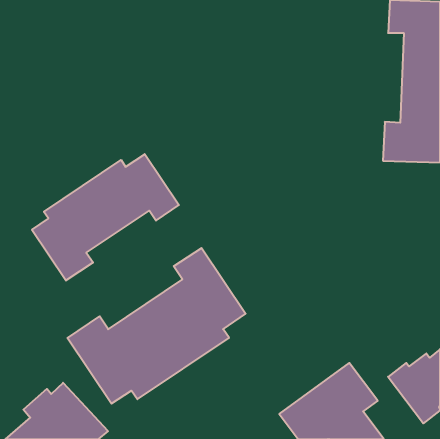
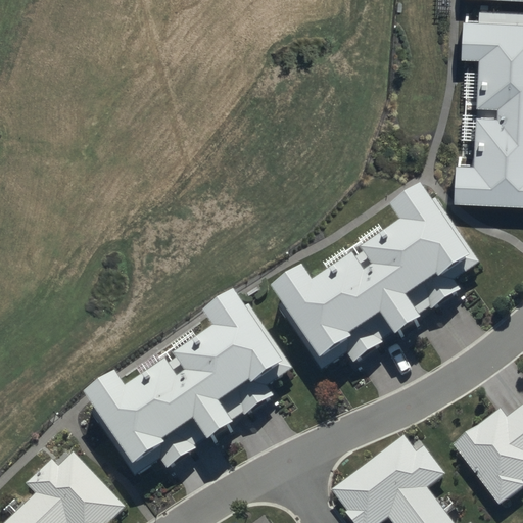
building: [32,154,179,281] -> none
building: none -> [266,187,477,367]

